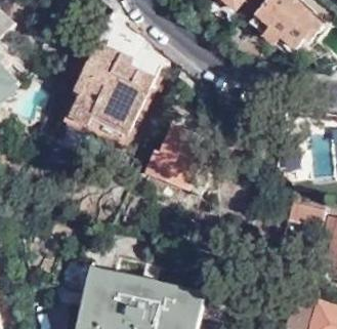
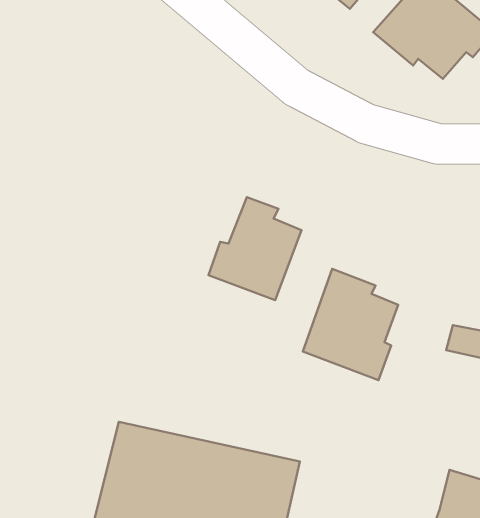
building: [71,44,156,132] -> none
building: none -> [303,269,398,380]

